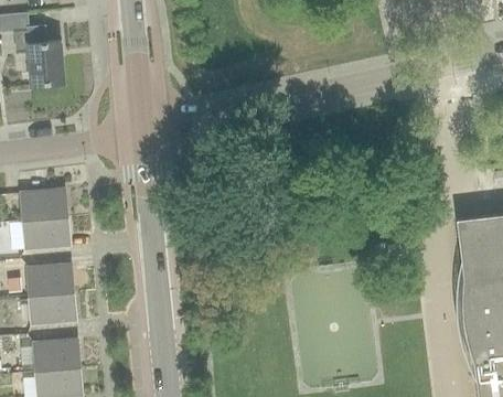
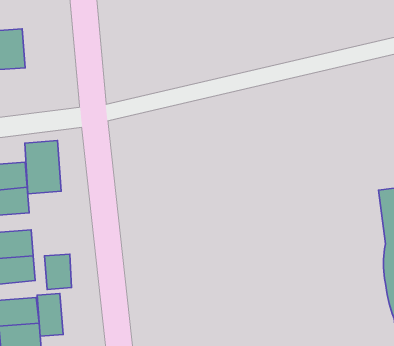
building: none -> [25,141,61,194]
building: none -> [45,254,71,289]
building: none -> [37,294,63,336]

